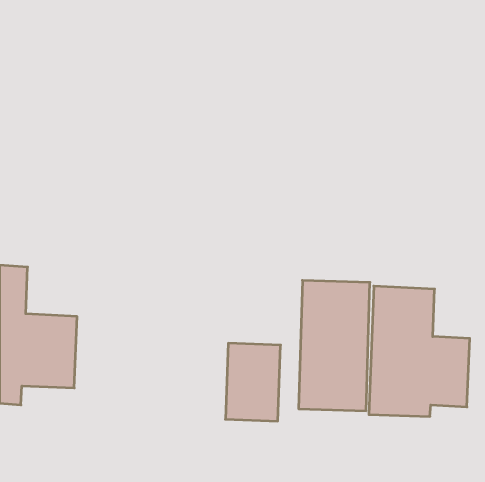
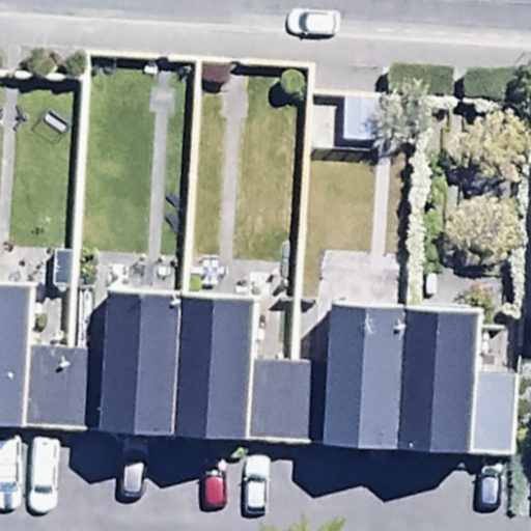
building: none -> [102,290,178,438]
building: none -> [178,296,250,440]

